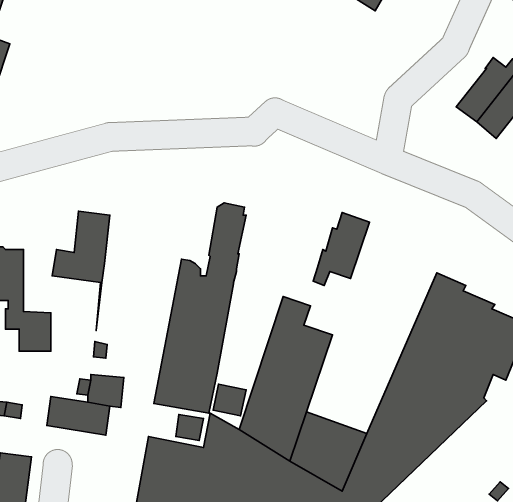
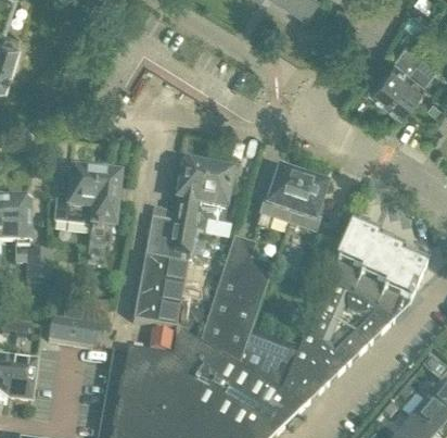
building: none -> [195,164,233,227]
building: none -> [87,171,120,262]
building: none -> [288,176,325,230]

